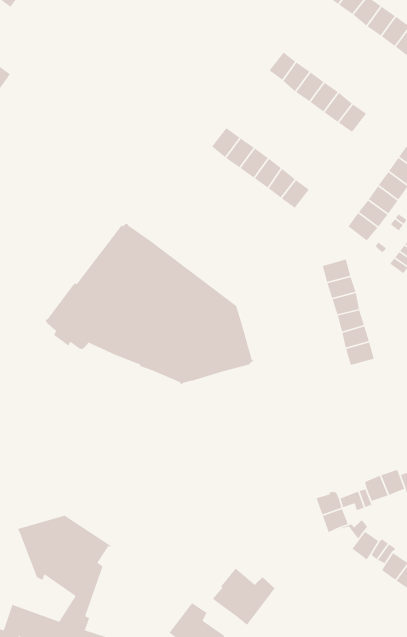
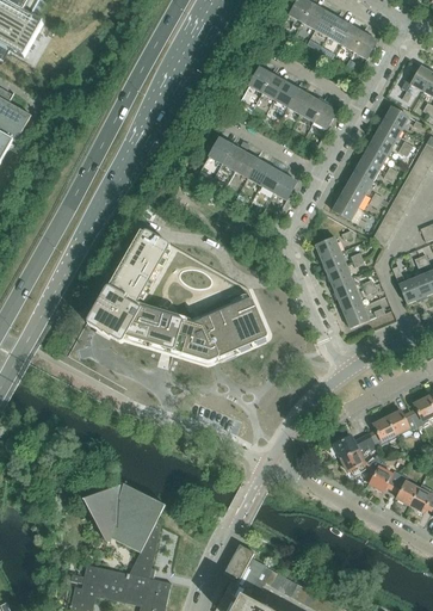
building: [212,567,276,626] -> none

